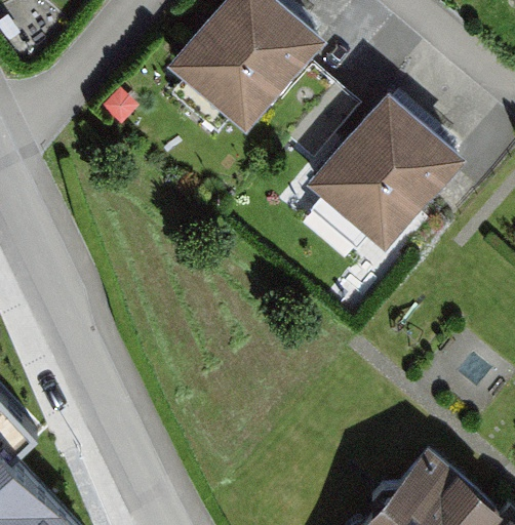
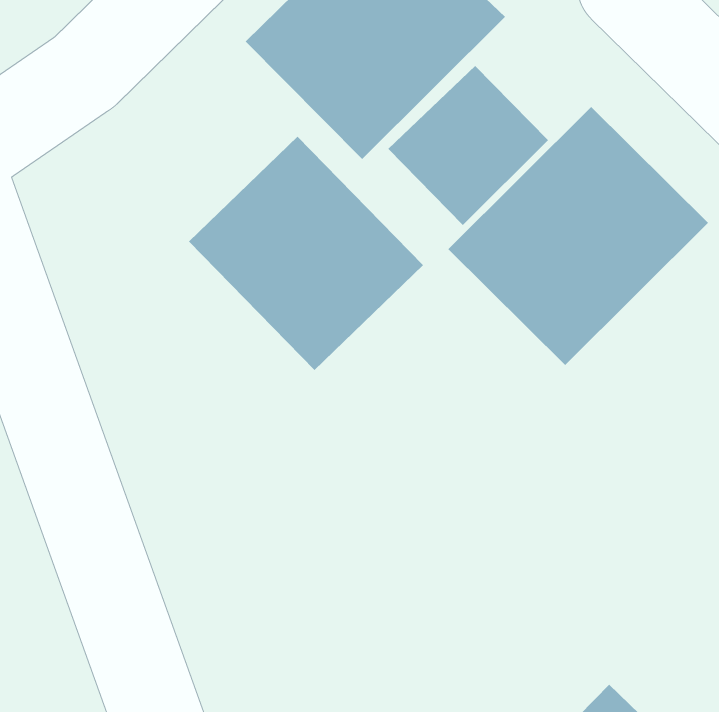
building: none -> [188,136,424,371]

